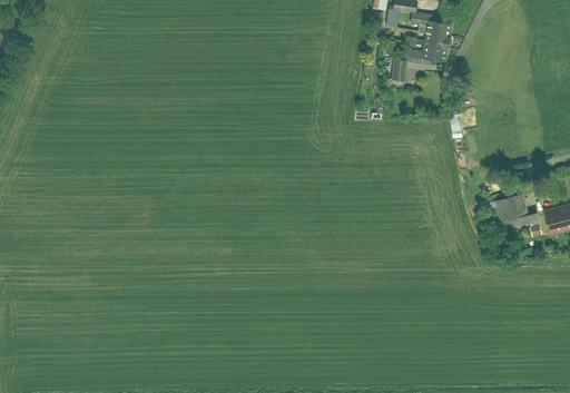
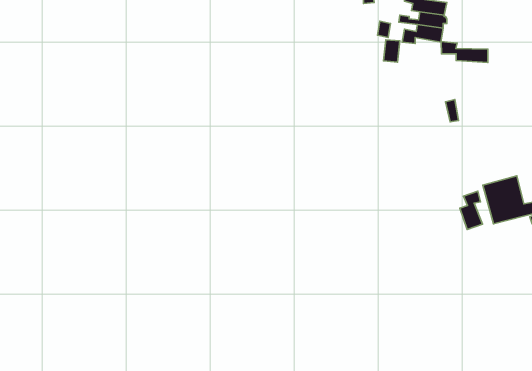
building: none -> [441,42,488,62]
building: none -> [460,191,483,229]

